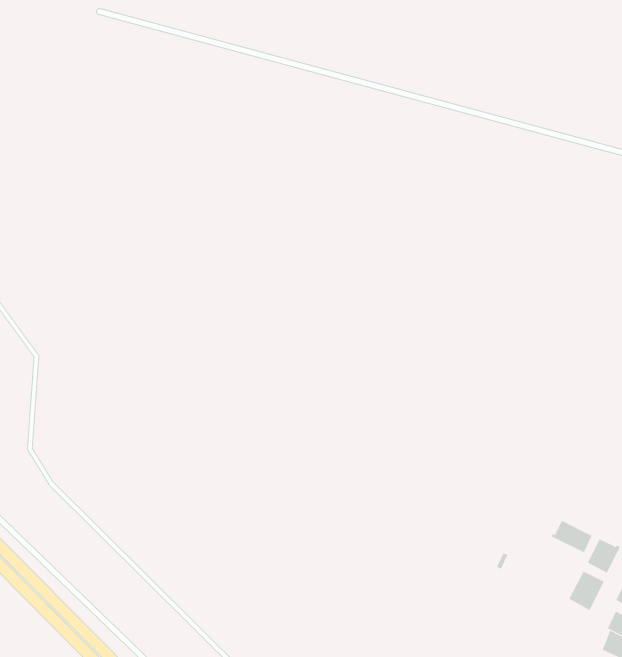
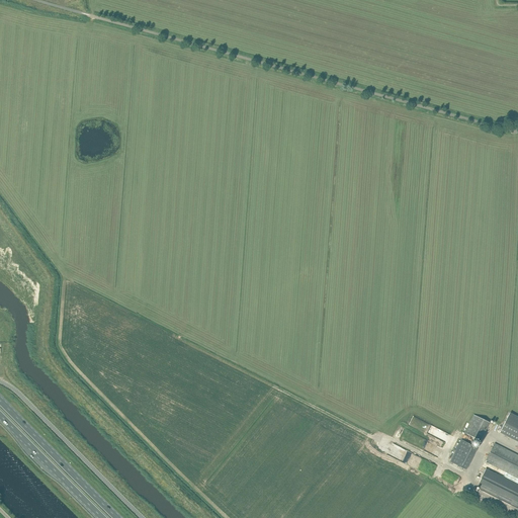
building: [550,520,592,553] -> none

